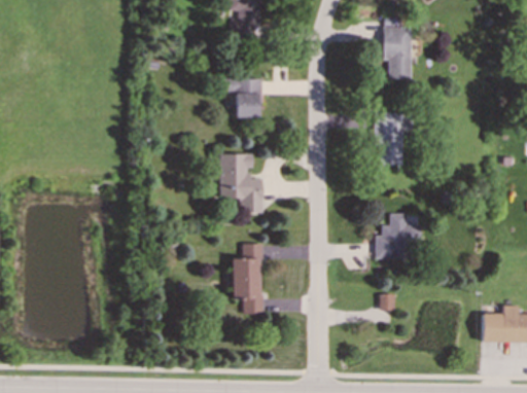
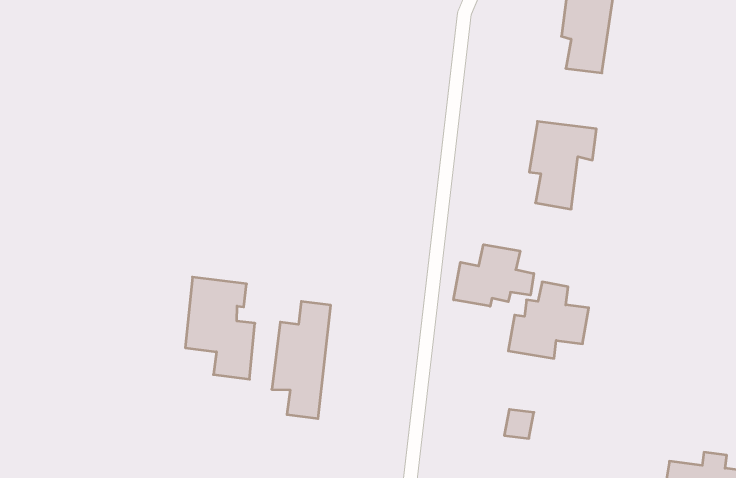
building: [225,79,261,117] -> none
building: [219,154,262,213] -> [185,277,255,379]
building: none -> [454,245,534,306]

